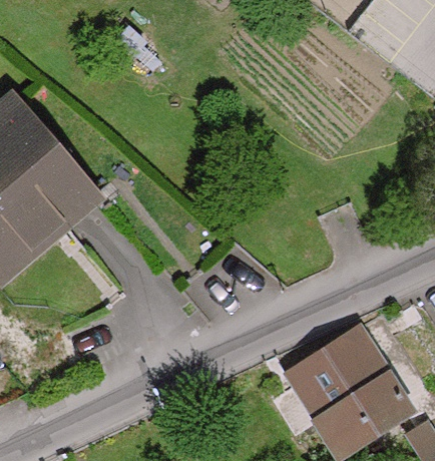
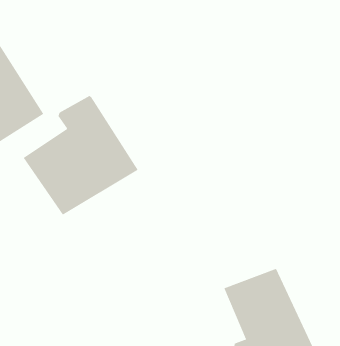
building: none -> [23,95,139,215]

